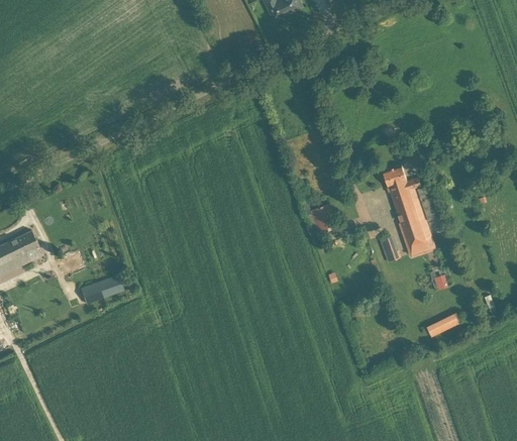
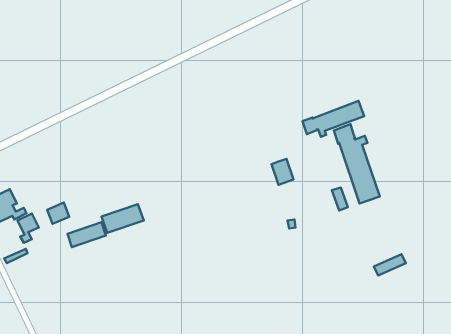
building: none -> [302,101,364,137]
building: [14,230,38,263] -> [17,213,39,243]
building: none -> [101,204,144,233]

